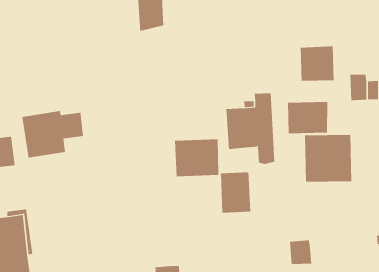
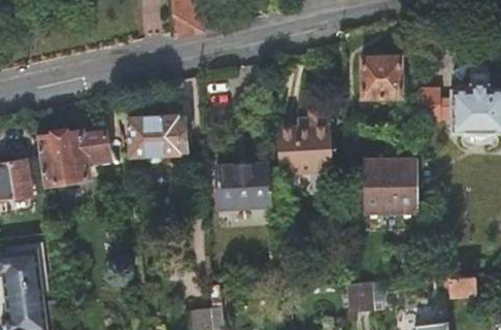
building: none -> [127,116,185,158]
building: [288,101,328,134] -> none
building: [221,171,251,214] -> none

